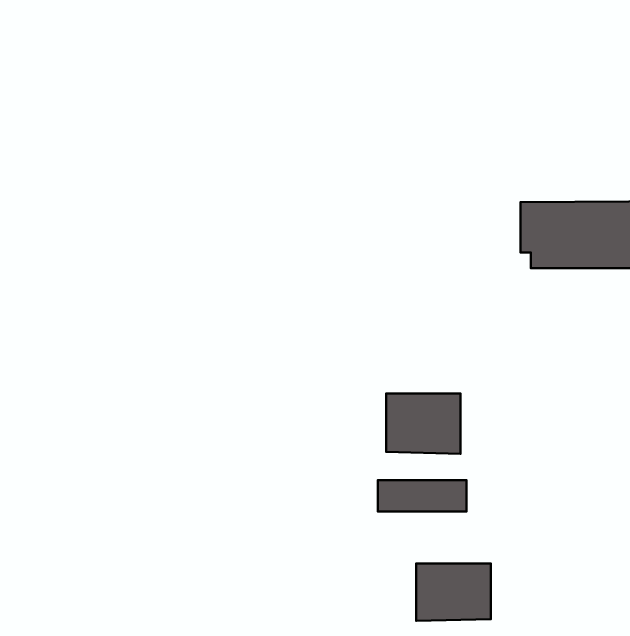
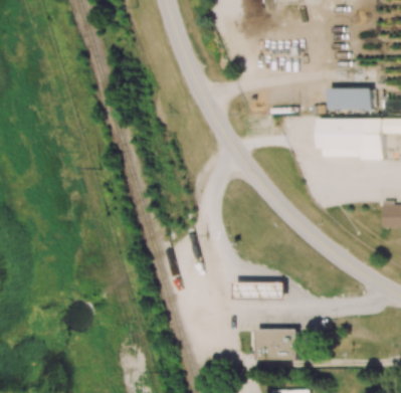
building: none -> [328,87,372,110]
building: [386,394,461,454] -> none

